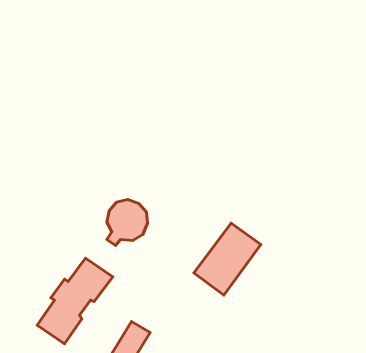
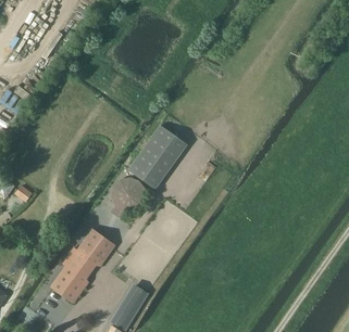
building: [194,223,261,295] -> [126,126,185,189]

